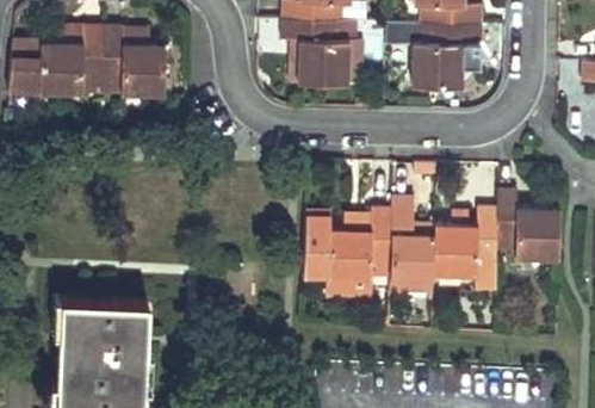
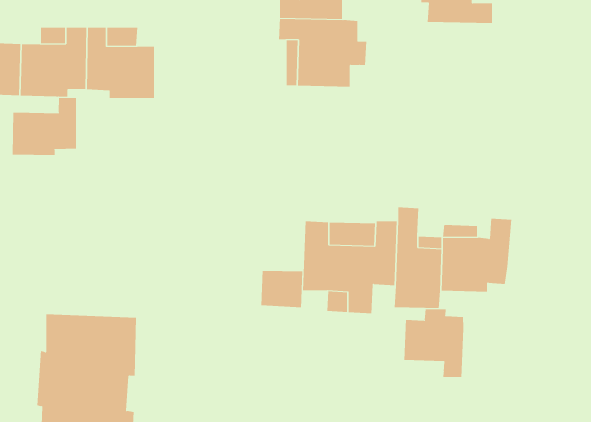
building: [386,24,484,88] -> none
building: none -> [12,97,77,156]
building: [498,192,564,261] -> none
building: none -> [261,270,303,308]
building: none -> [404,308,464,378]

